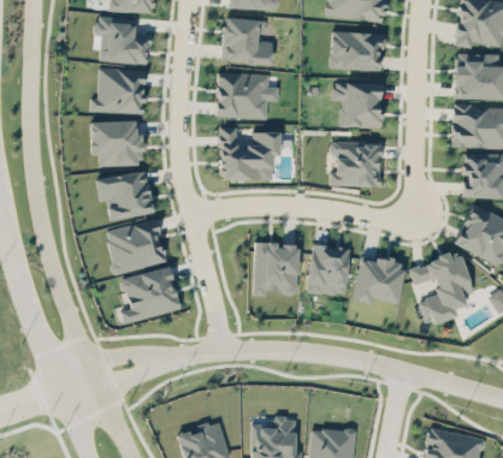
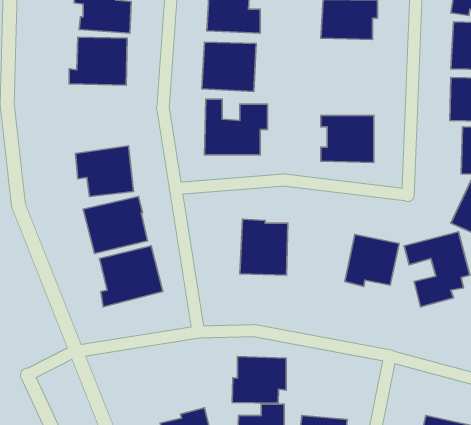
building: [332,82,380,126] -> none
building: [90,119,142,166] -> none
building: [307,243,350,296] -> none
building: none -> [232,357,286,403]

